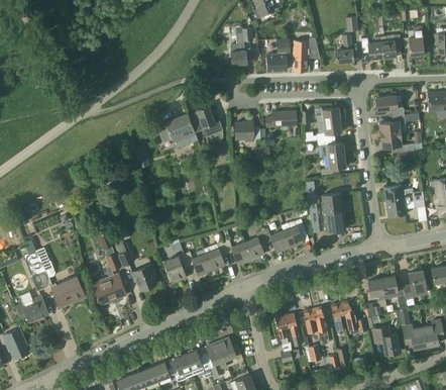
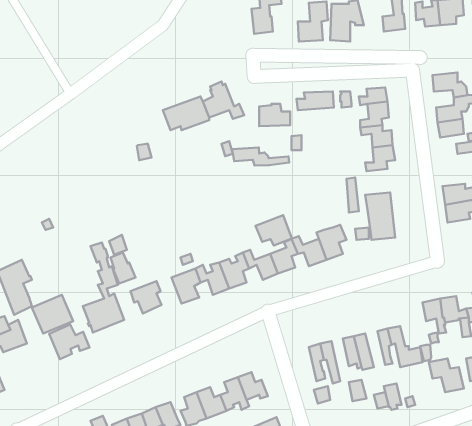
building: none -> [232,148,289,166]
building: none -> [255,215,292,246]
building: none -> [49,325,90,359]

